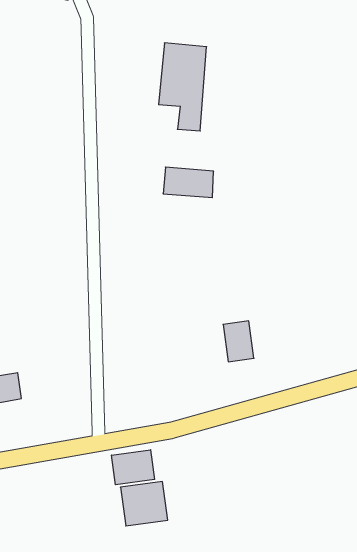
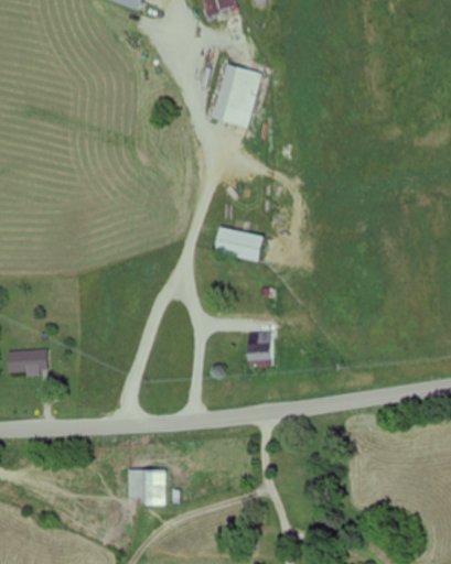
building: [163,167,214,198] -> [212,226,261,260]
building: [112,450,155,485] -> none

